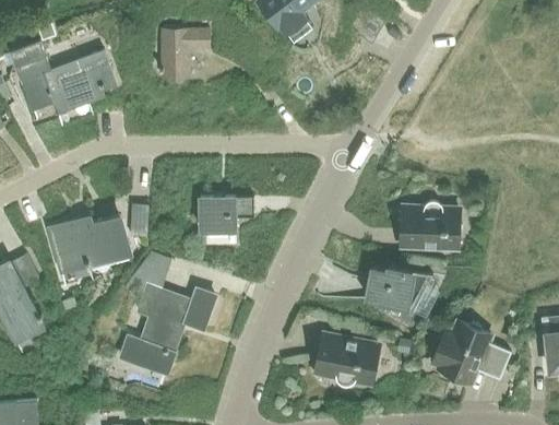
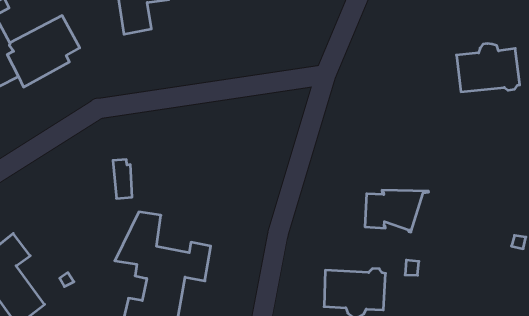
building: [200,198,253,232] -> none
building: [400,203,459,251] -> [456,44,520,92]
building: [47,216,130,275] -> none
building: [431,322,510,383] -> none

